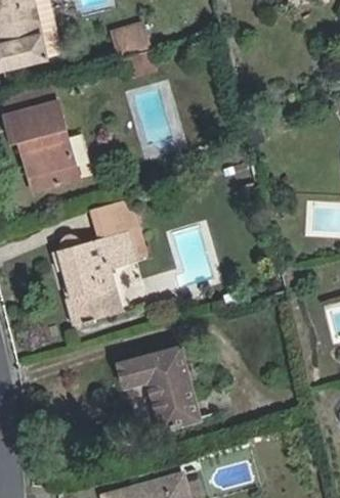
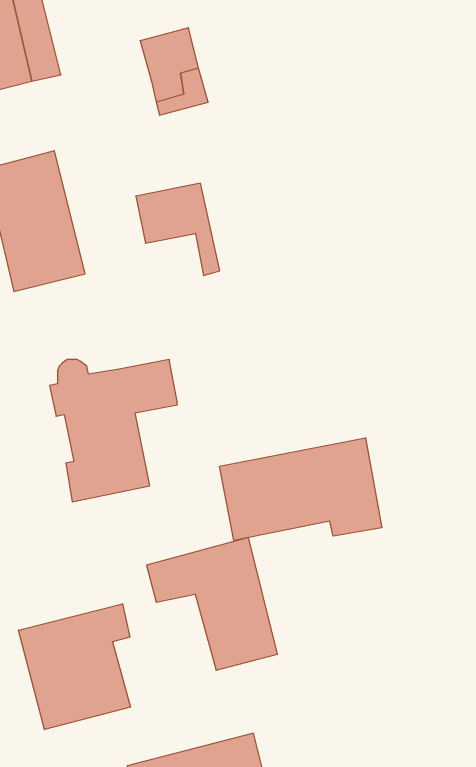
building: [91,201,144,260] -> [136,183,220,276]
building: none -> [220,438,382,540]
building: none -> [18,604,130,730]

